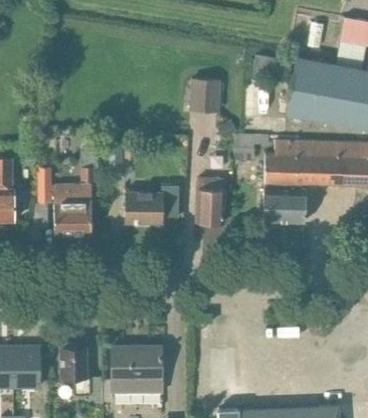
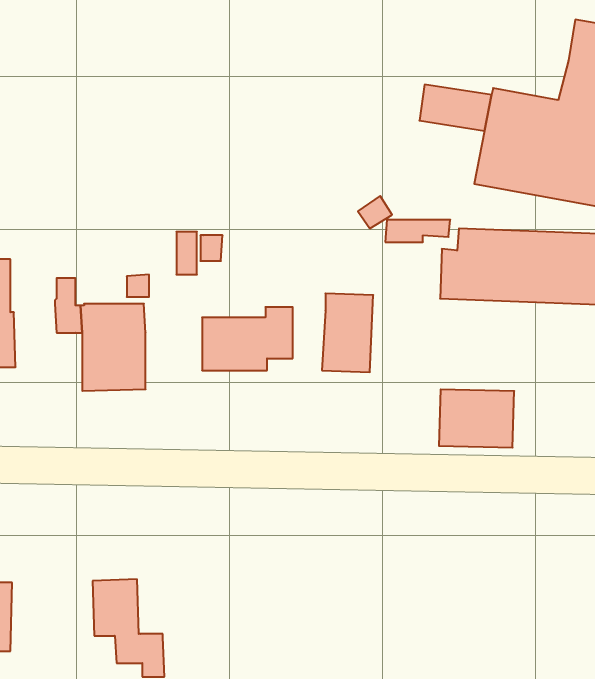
building: [189,81,218,113] -> none
building: [262,189,307,223] -> [439,389,514,448]
building: [112,347,162,394] -> none
building: [12,349,40,389] -> none

